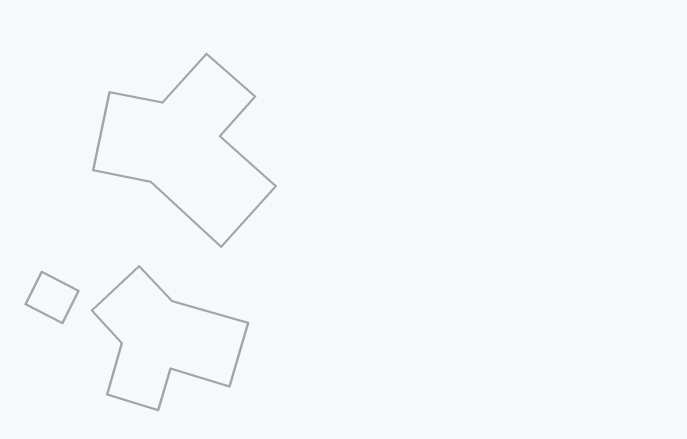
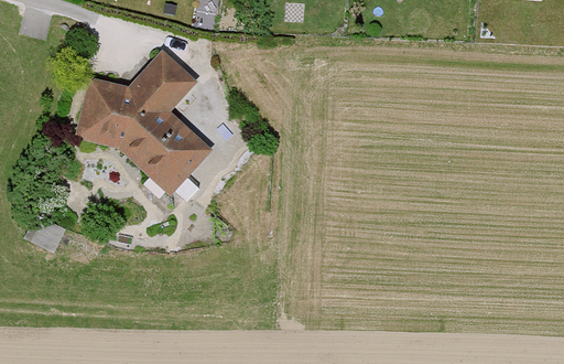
building: [92,266,248,410] -> none

